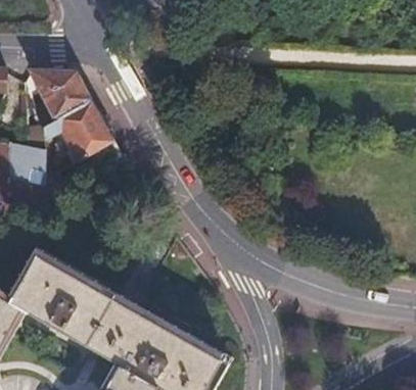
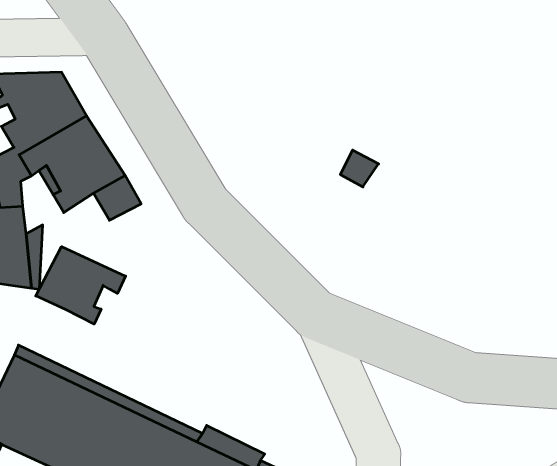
building: none -> [36,247,126,324]

